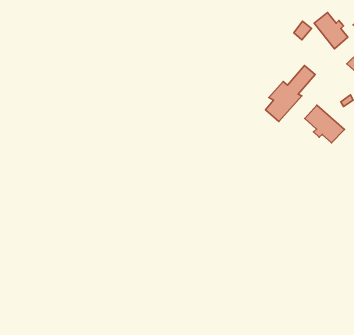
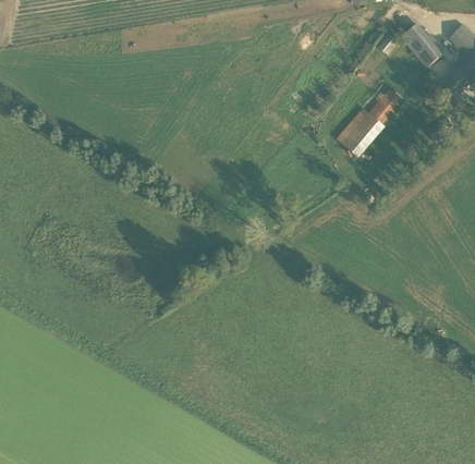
building: [305,105,345,143] -> none

